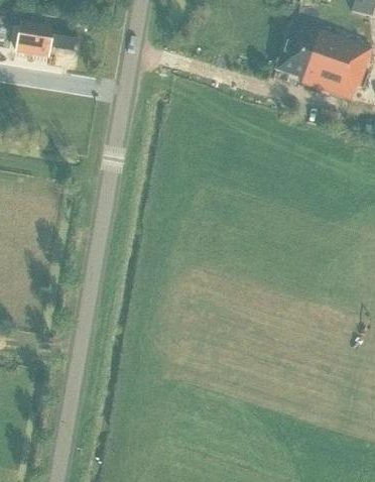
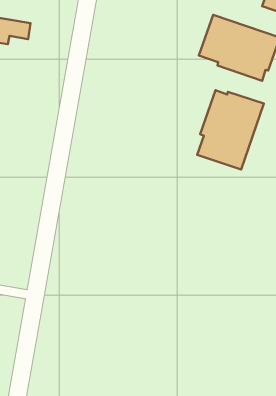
building: none -> [197,90,264,170]

